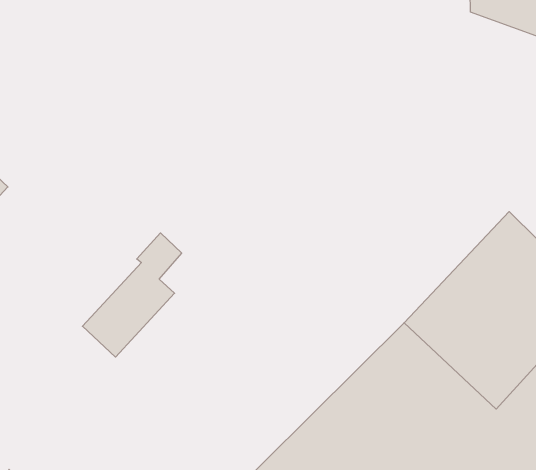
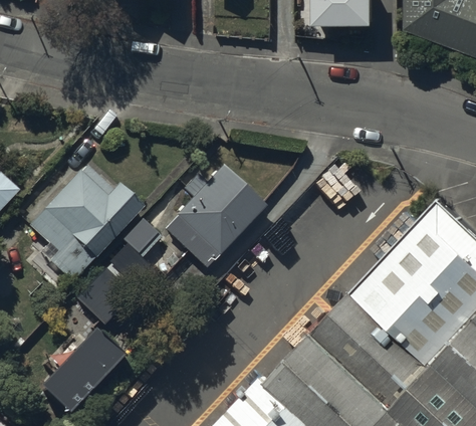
building: none -> [162,161,263,264]
building: none -> [27,162,140,273]
building: none -> [34,316,115,401]

